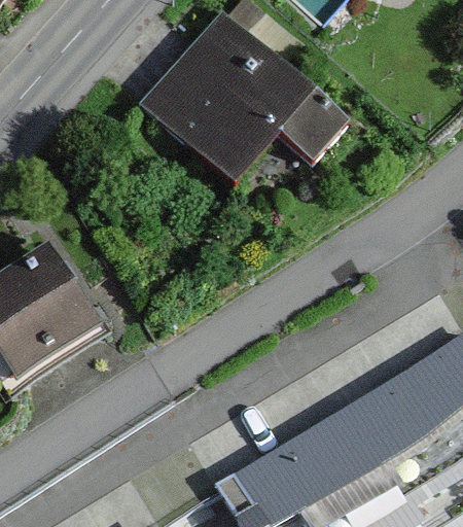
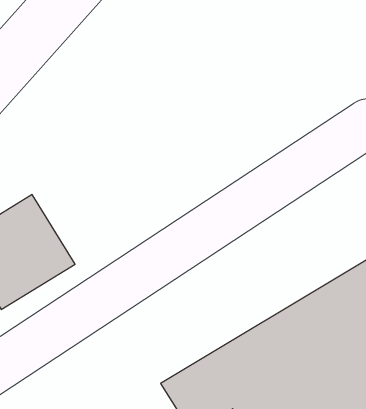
building: [145,16,349,195] -> none

